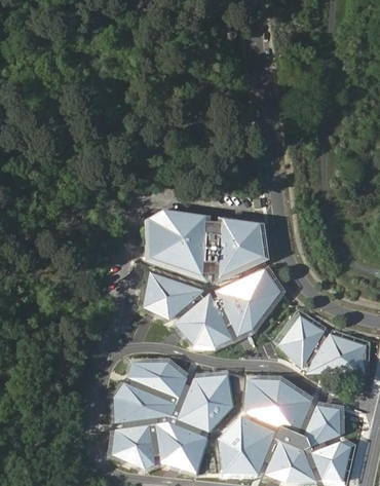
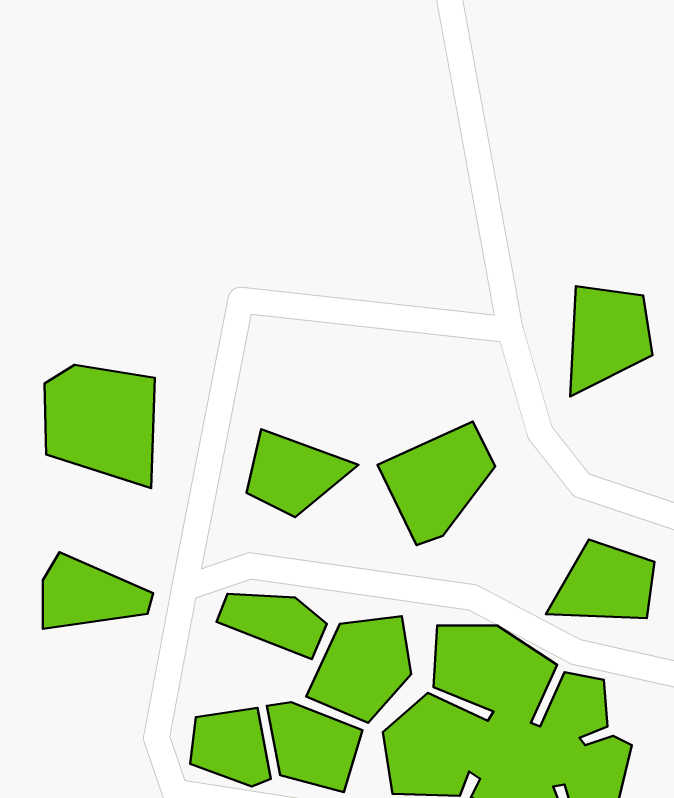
building: [145,209,205,276] -> [44,365,155,488]
building: [218,218,263,278] -> [570,286,652,396]
building: [175,294,231,348] -> none
building: [280,315,325,369] -> none
building: [114,381,175,423] -> [43,552,153,629]

